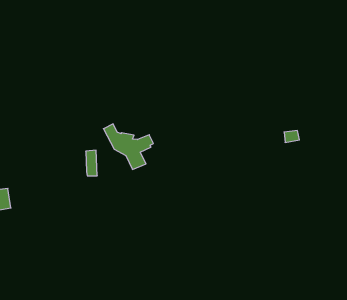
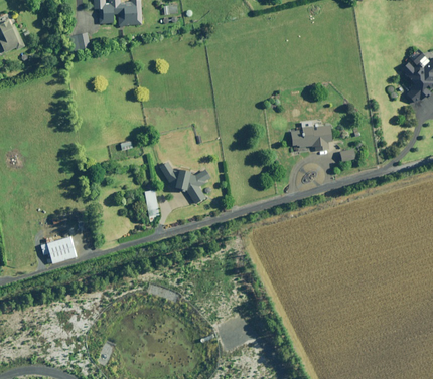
building: none -> [289,124,331,149]

